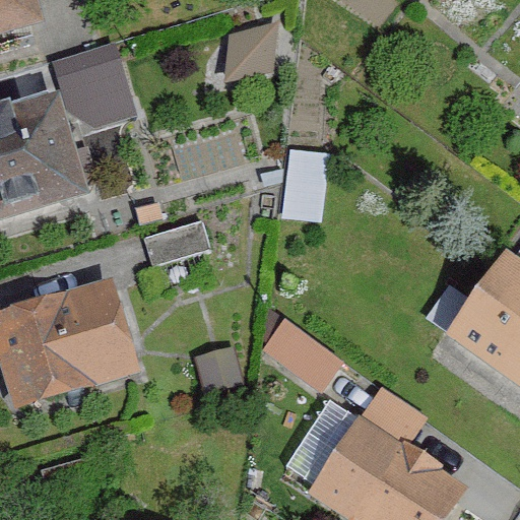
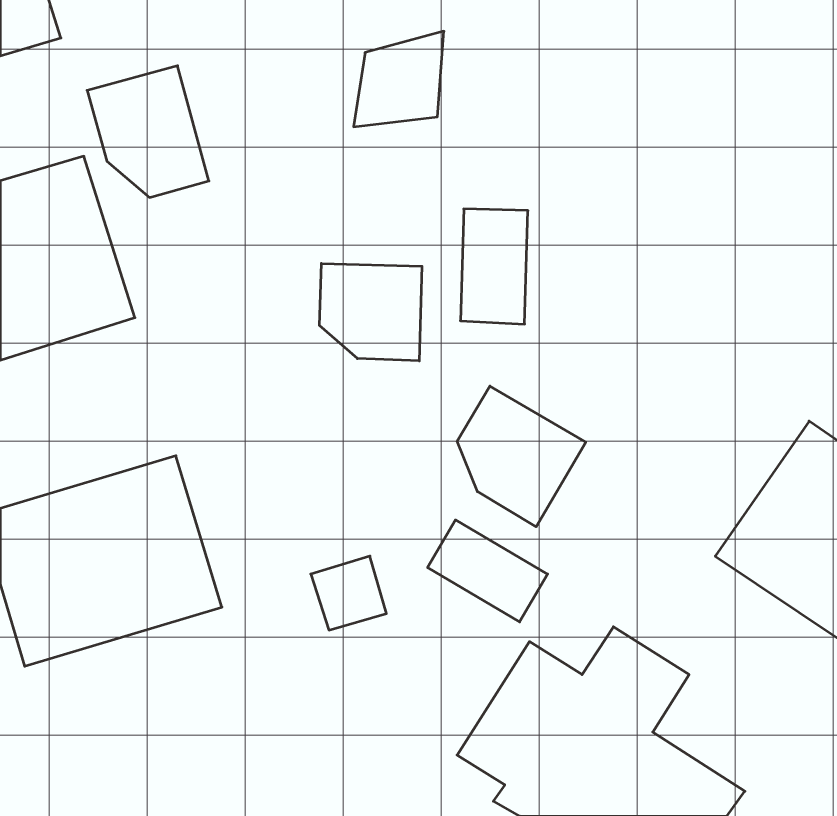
building: none -> [319,263,422,361]
building: none -> [457,386,586,527]

